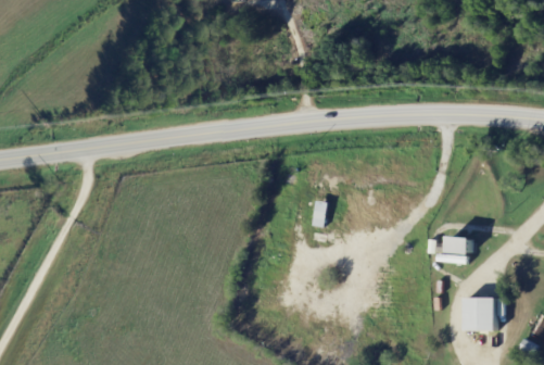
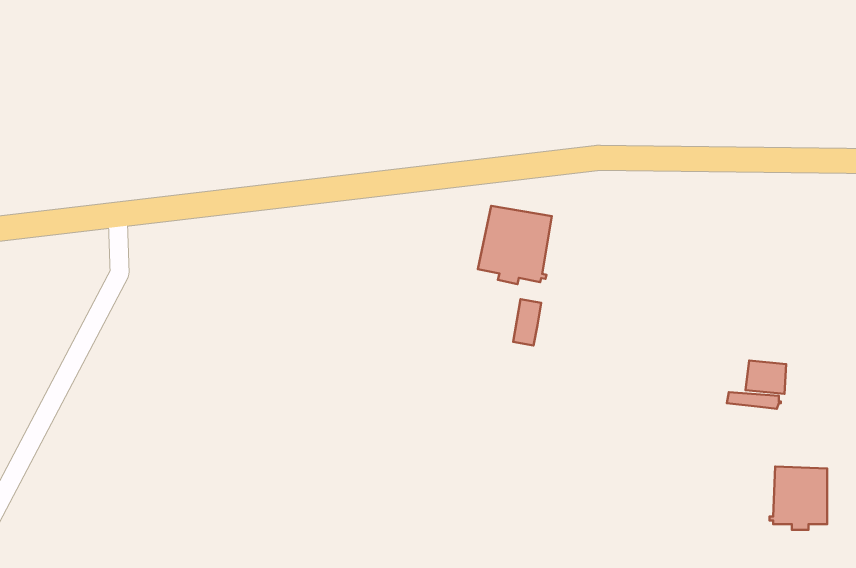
building: none -> [478,206,552,284]

